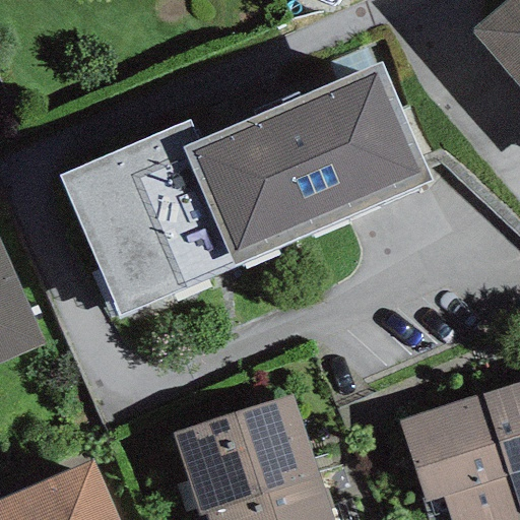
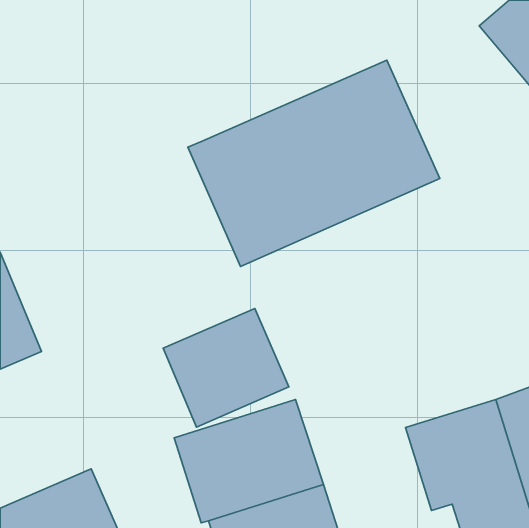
building: [60,118,237,314] -> none
building: none -> [163,308,289,427]

